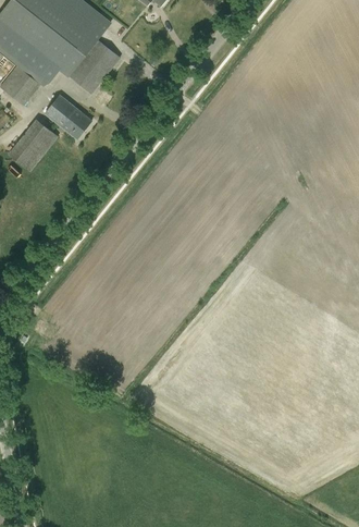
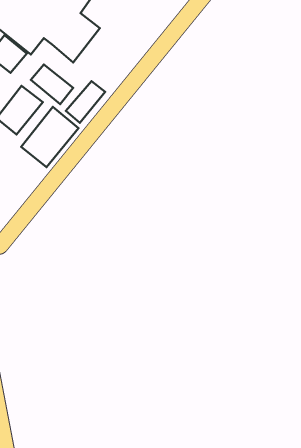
building: none -> [66,81,105,123]
building: none -> [21,107,78,167]

